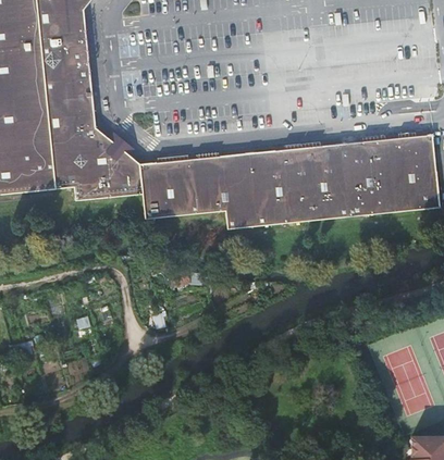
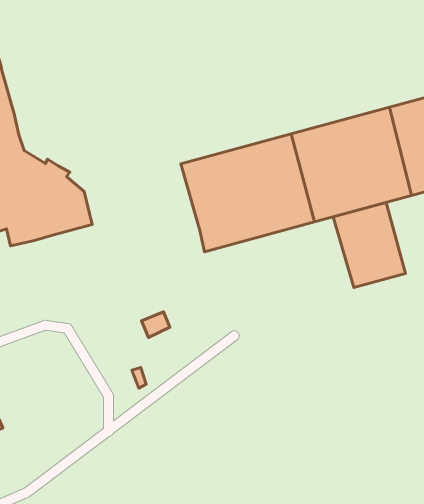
building: [138,157,225,221] -> none
building: none -> [333,202,406,288]

